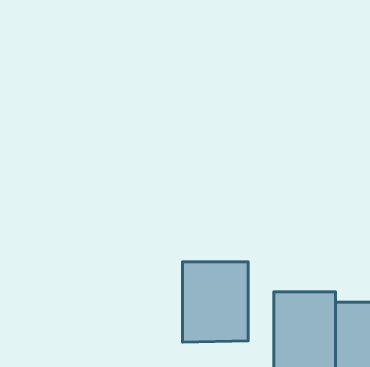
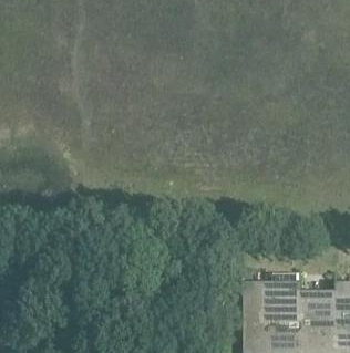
building: [183,262,248,342] -> none

